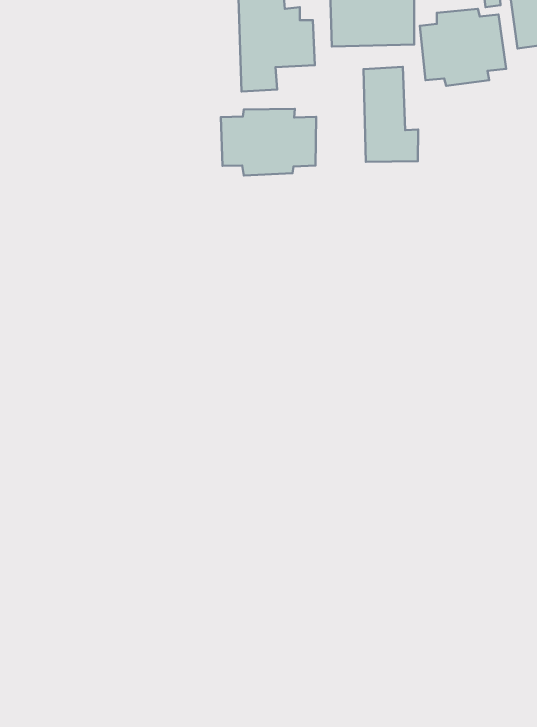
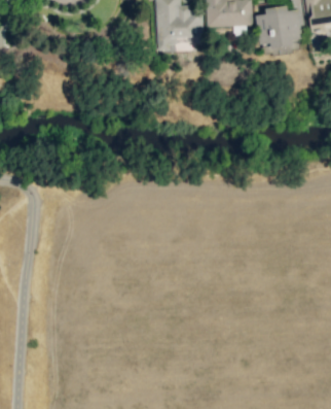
building: [364,67,418,162] -> none
building: [221,109,316,175] -> none

